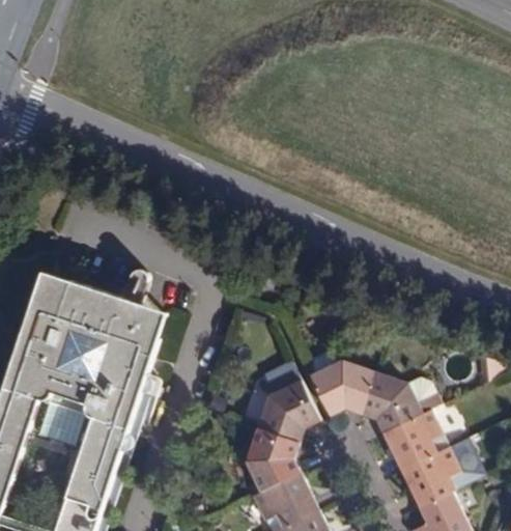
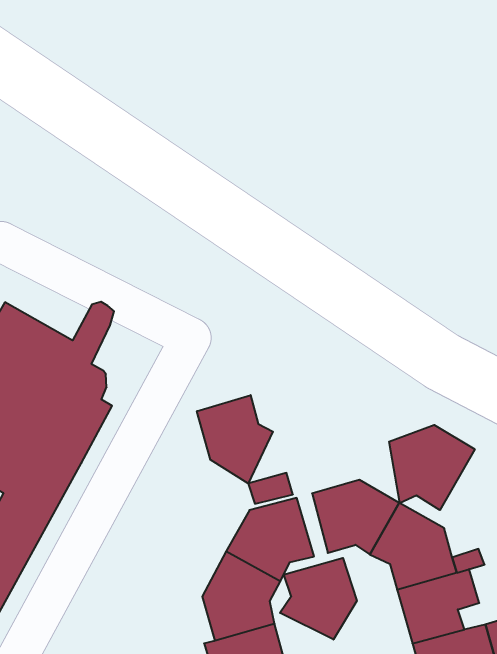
building: none -> [389,425,475,510]
building: none -> [197,395,273,484]
building: none -> [280,558,357,640]

